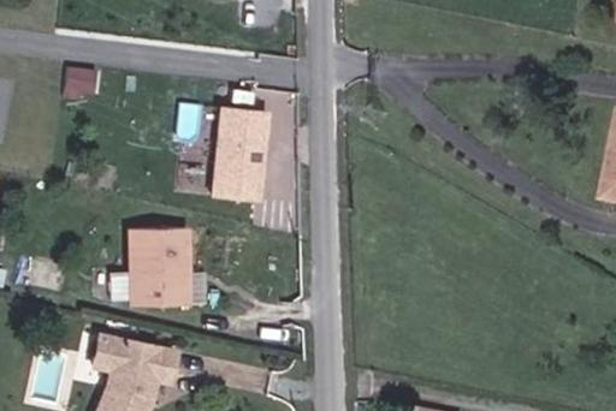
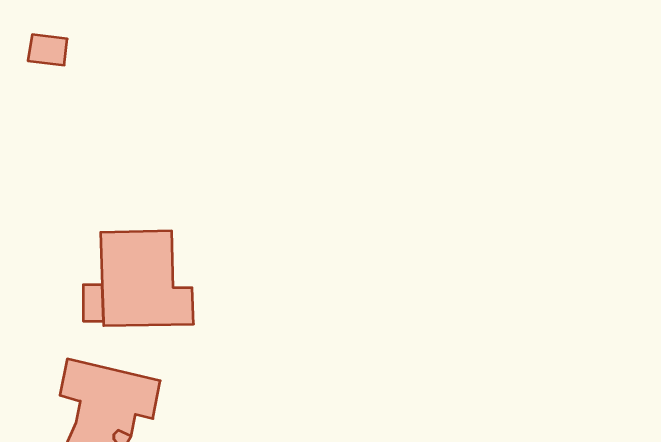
building: [213,107,268,198] -> none

